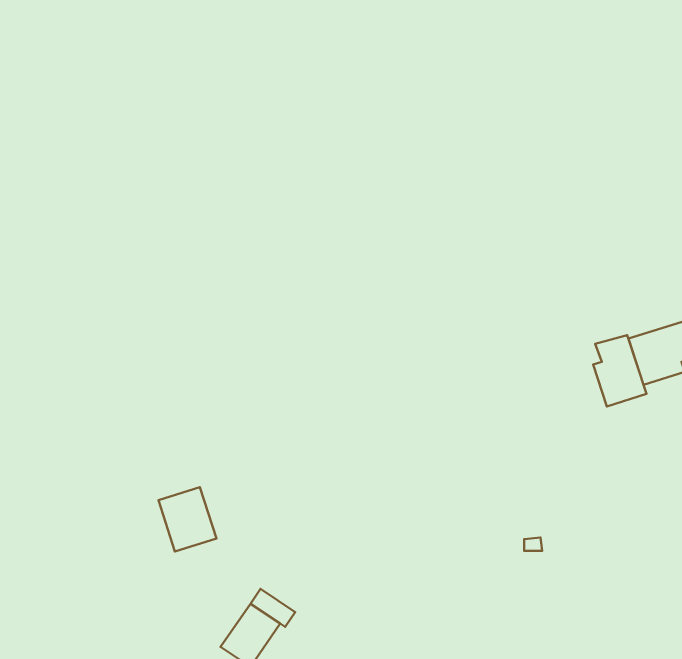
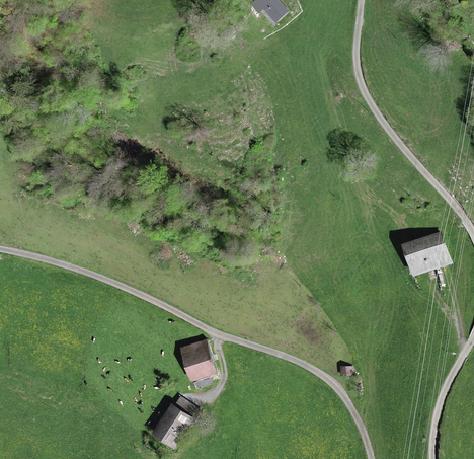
building: [593,335,646,407] -> none
building: [158,487,216,552] -> [178,338,214,378]

